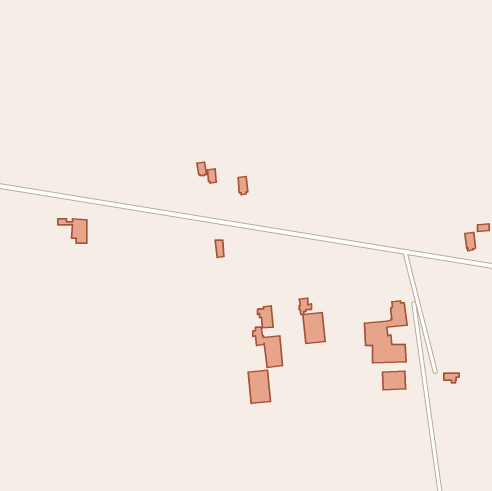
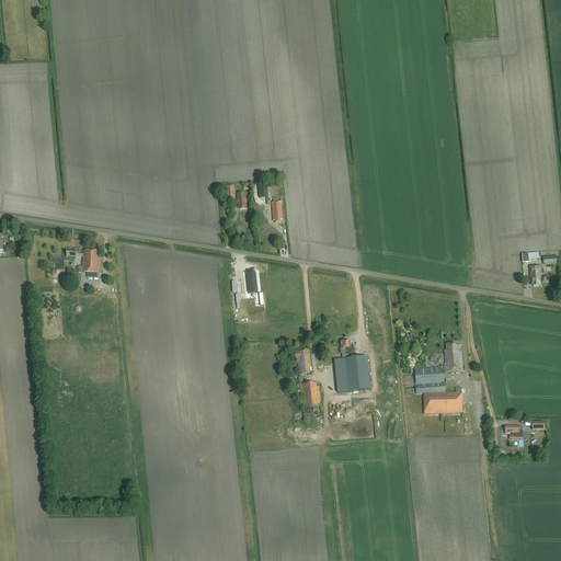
building: [248,370,270,403] -> none
building: [382,371,406,390] -> none

